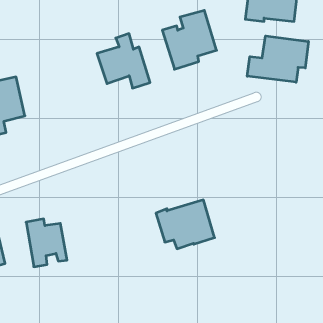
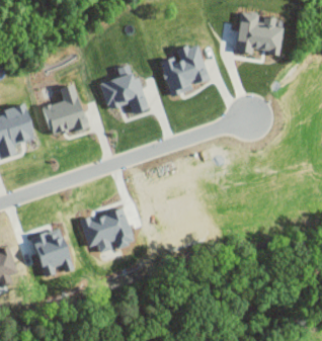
building: [247,36,308,82] -> none
building: none -> [42,83,87,136]
building: [156,200,215,249] -> [80,207,134,252]

